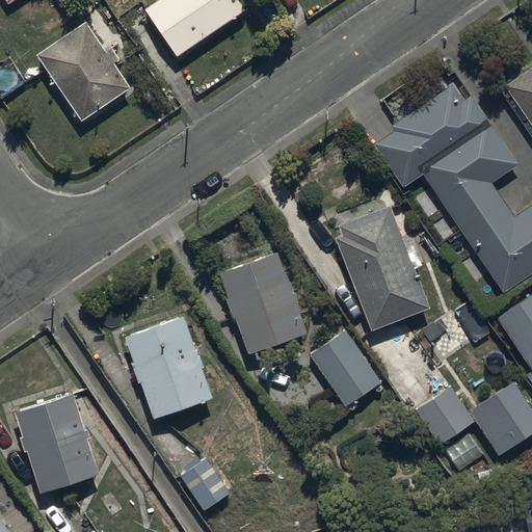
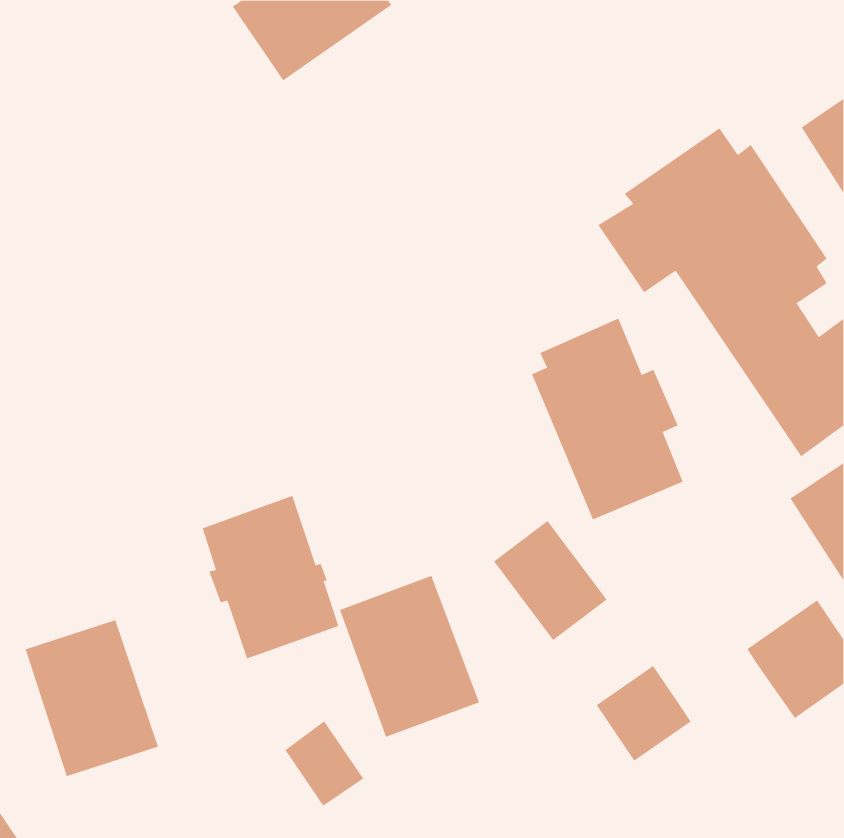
building: [36,22,132,121] -> none
building: [220,251,309,353] -> [339,575,480,737]
building: [415,387,475,447] -> [596,665,692,761]

